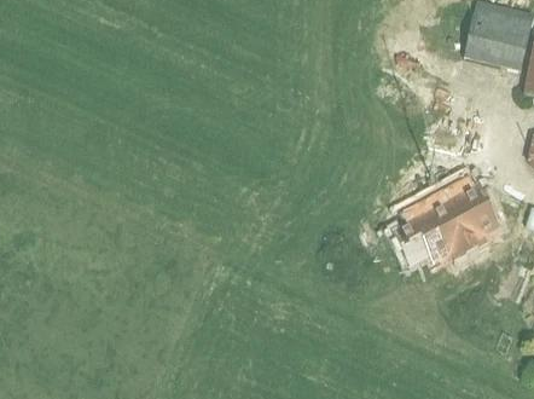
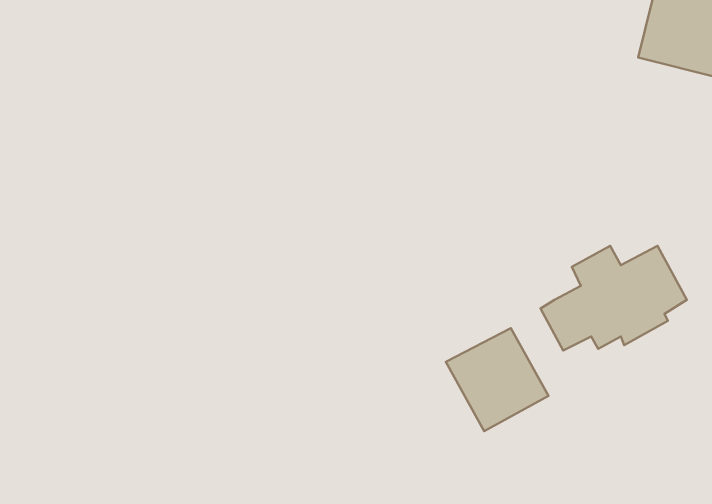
building: none -> [446,328,549,431]

